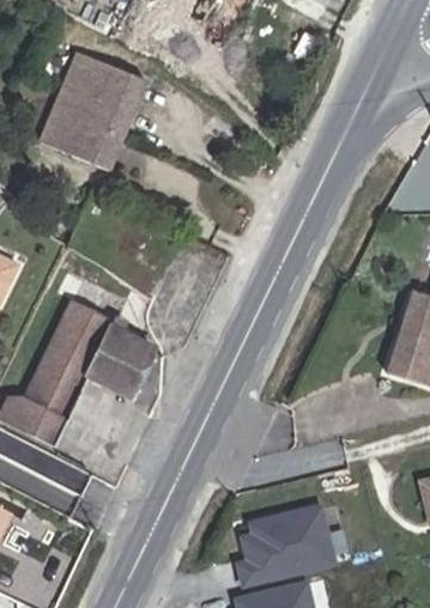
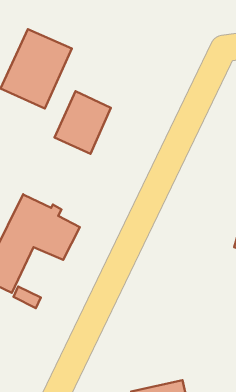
building: none -> [55,91,111,154]
building: [231,501,339,584] -> none

